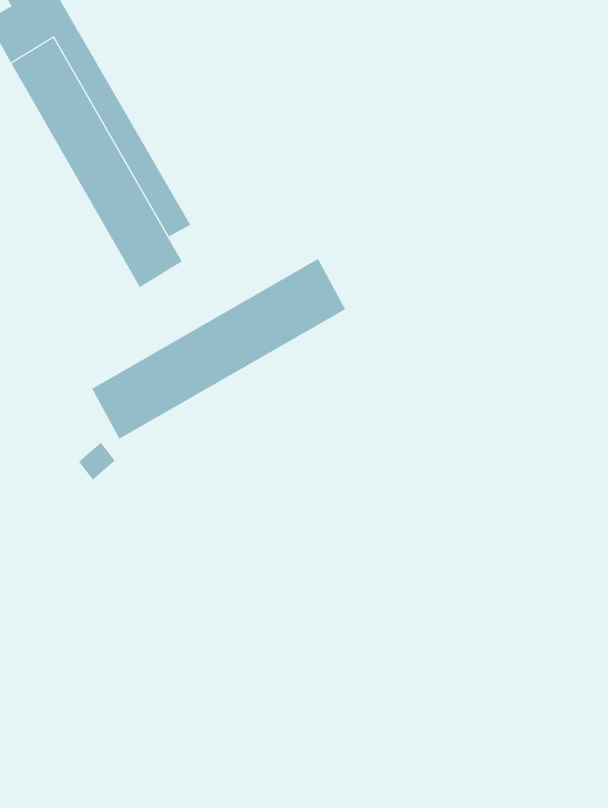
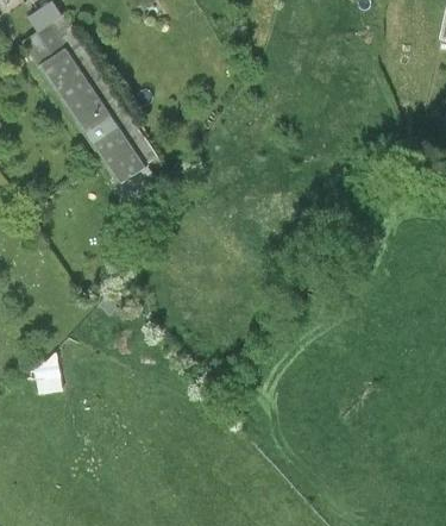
building: [92,258,346,440] -> none

